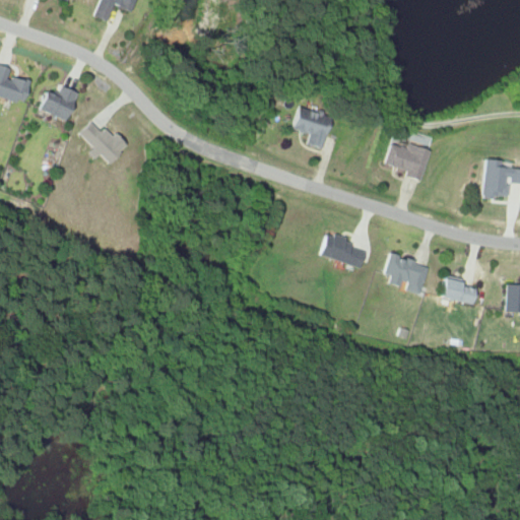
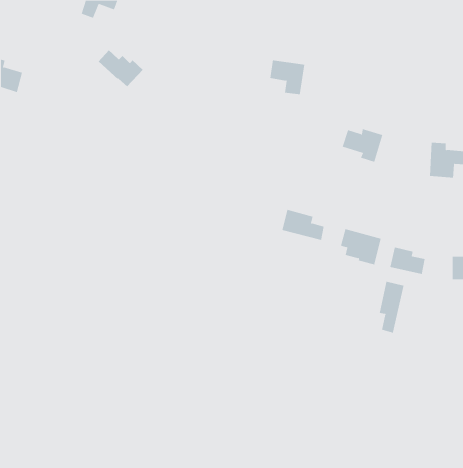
building: [37,85,79,121] -> none
building: [291,110,331,148] -> [269,60,305,95]
building: [78,122,129,164] -> [98,50,144,87]
building: none -> [379,281,404,334]

